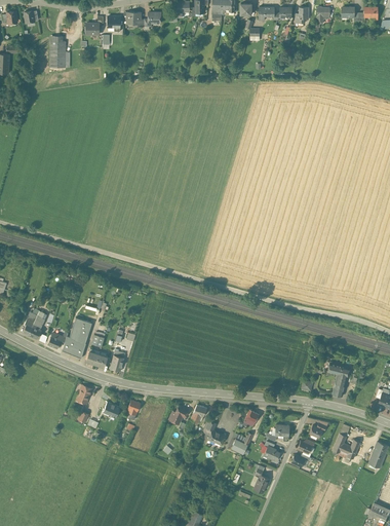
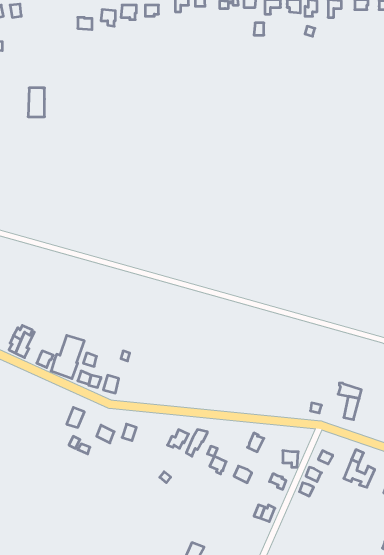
building: [49,41,65,68] -> [28,88,45,117]

